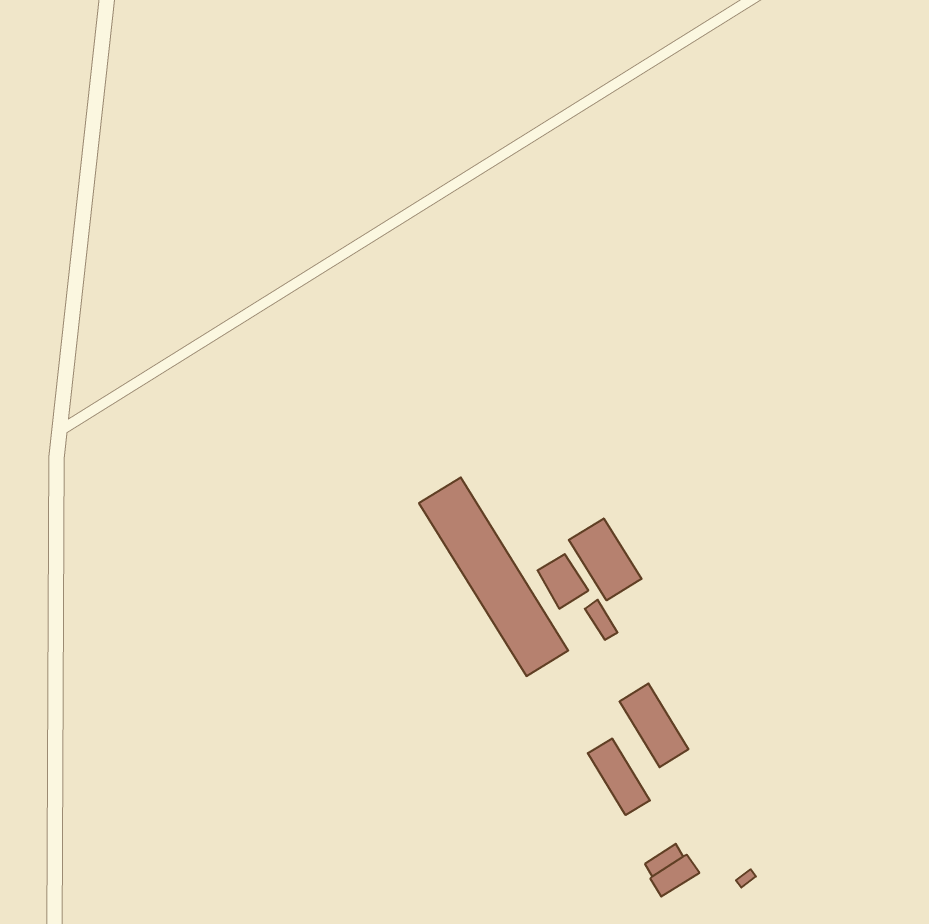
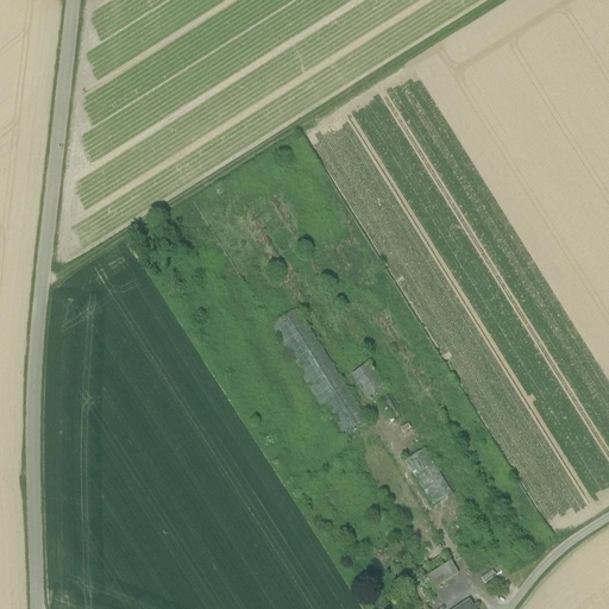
building: [569,518,642,600] -> none
building: [588,738,650,815] -> none

